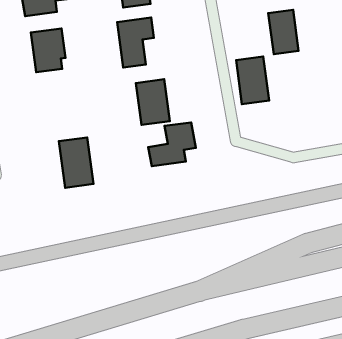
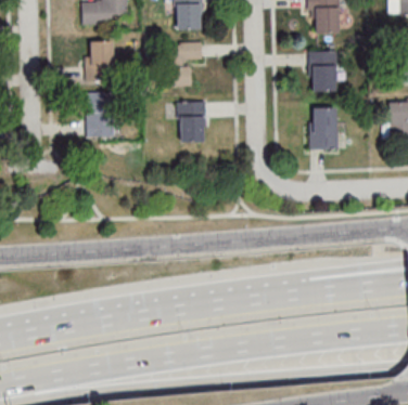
building: [236,56,269,104] -> [311,108,337,151]
building: [148,122,196,166] -> none
building: [59,137,93,188] -> [87,94,114,139]

